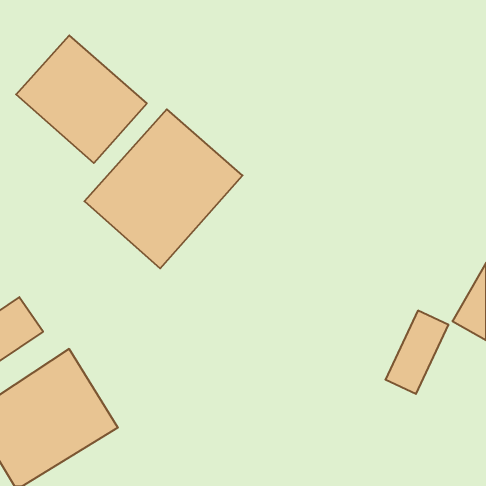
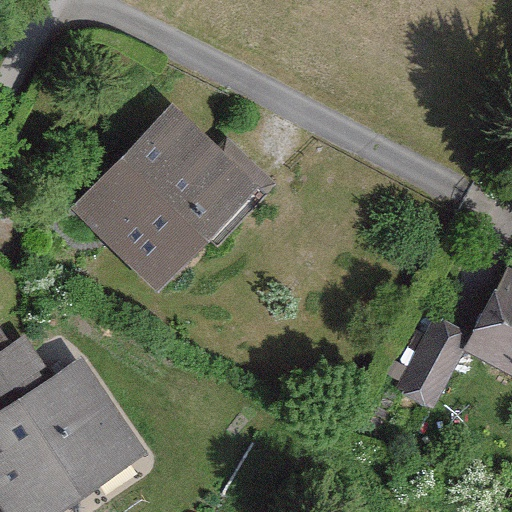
building: [16,35,147,163] -> none

